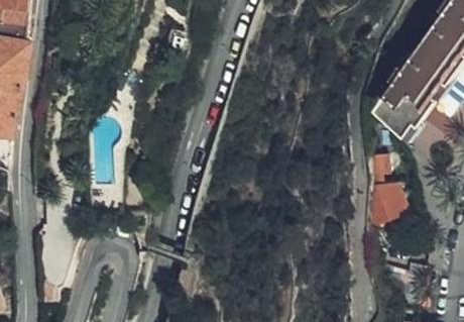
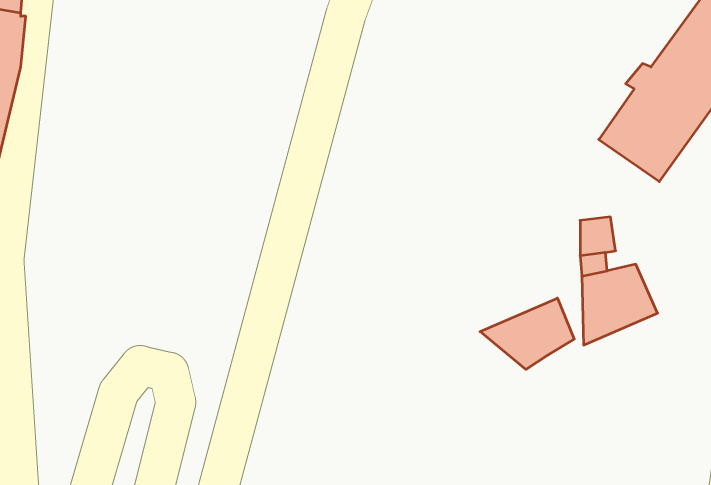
building: none -> [480,298,574,369]

